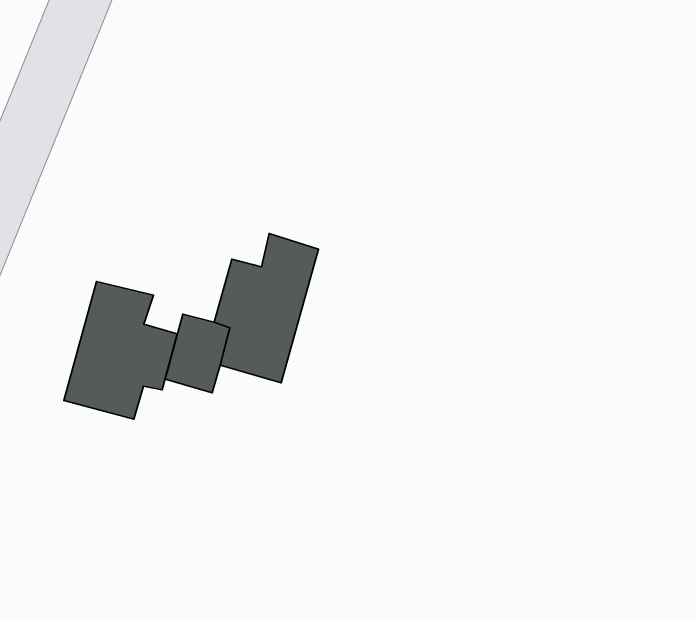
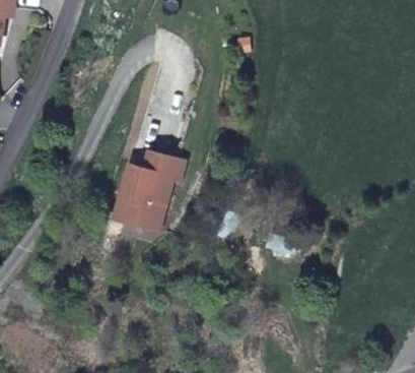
building: [64,281,177,419] -> none

